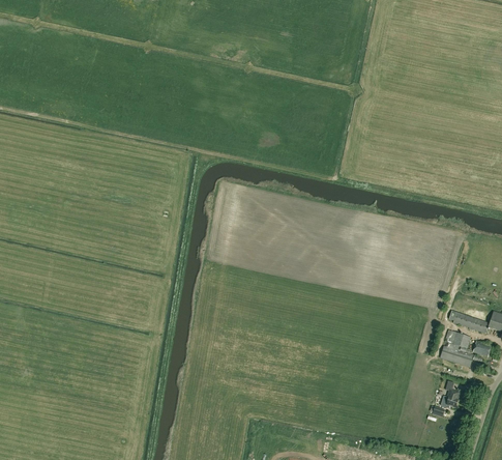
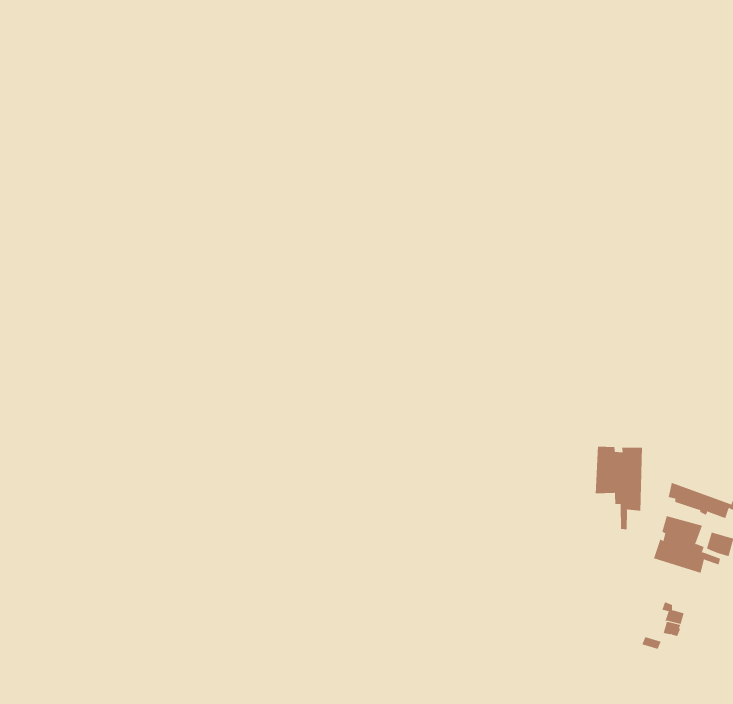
building: none -> [595,446,642,530]

